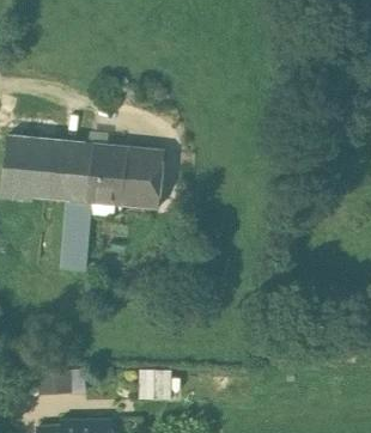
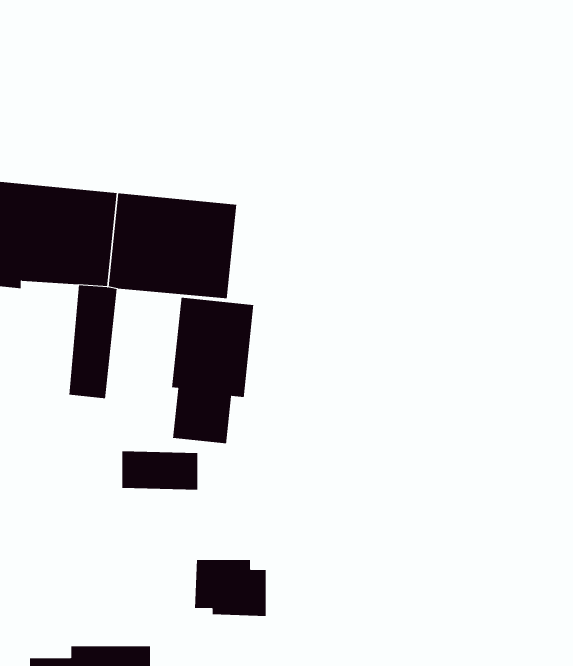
building: none -> [171,297,254,444]
building: [37,368,84,392] -> [121,451,198,490]

